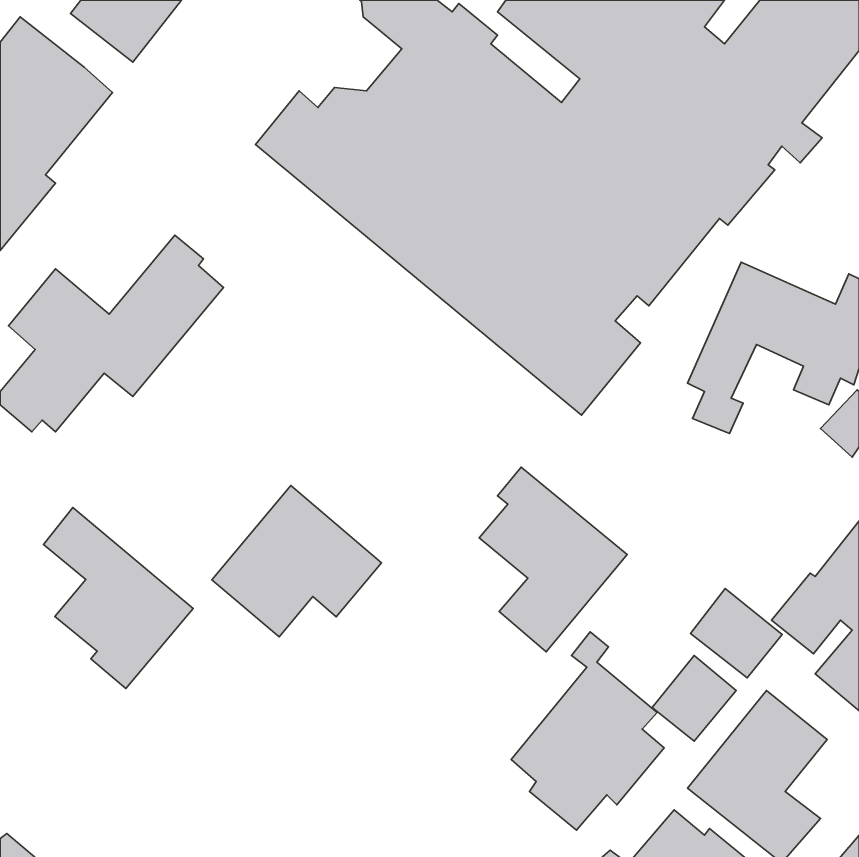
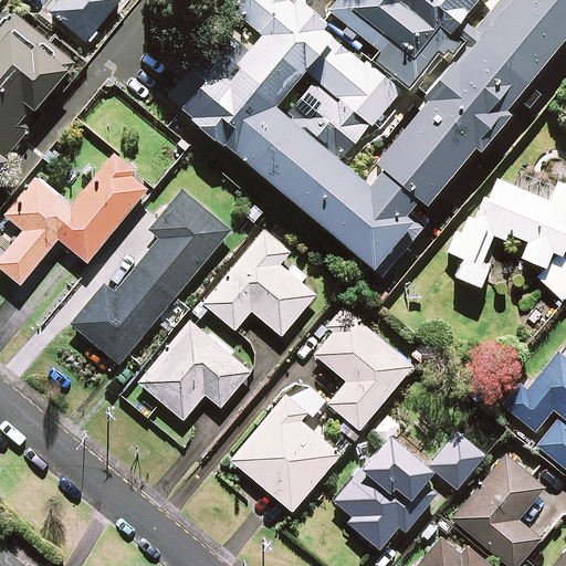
building: none -> [72,191,230,364]
building: none -> [203,231,315,336]
building: [44,508,193,688] -> none
building: [691,589,782,678] -> none
building: none -> [231,395,340,511]

